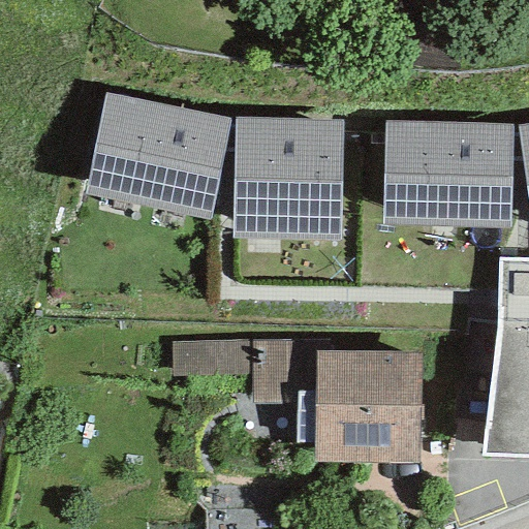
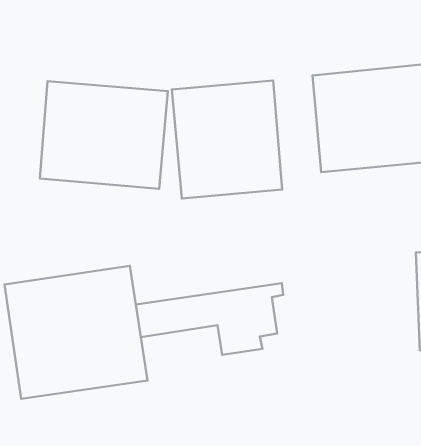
building: none -> [4,266,148,399]
building: [298,348,423,462] -> none

